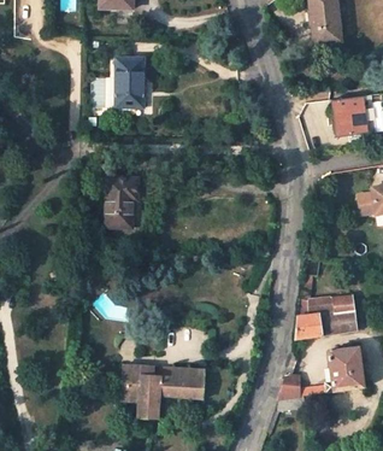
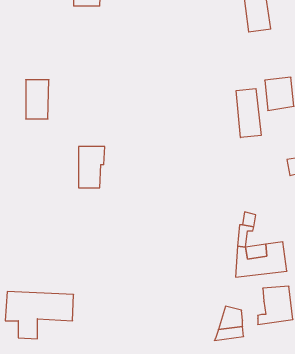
building: [118,63,146,110] -> [26,80,49,119]
building: none -> [236,89,261,138]
building: [122,365,204,422] -> [5,292,74,339]

